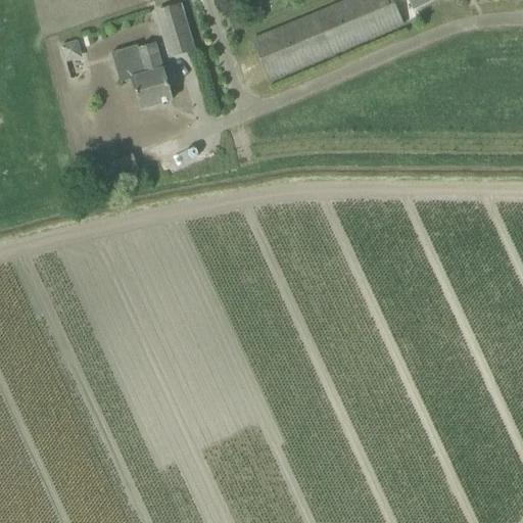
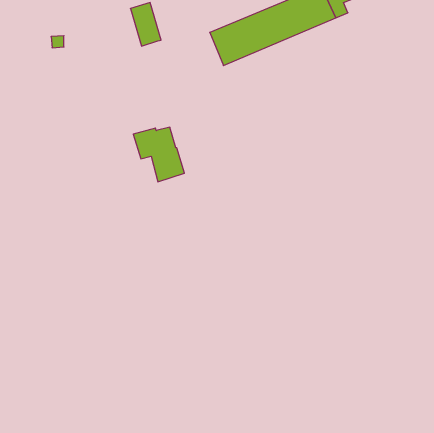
building: [112,43,174,108] -> [133,127,184,182]

